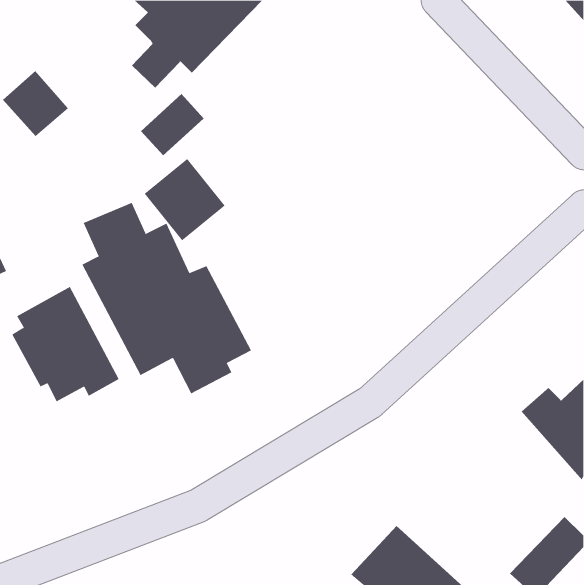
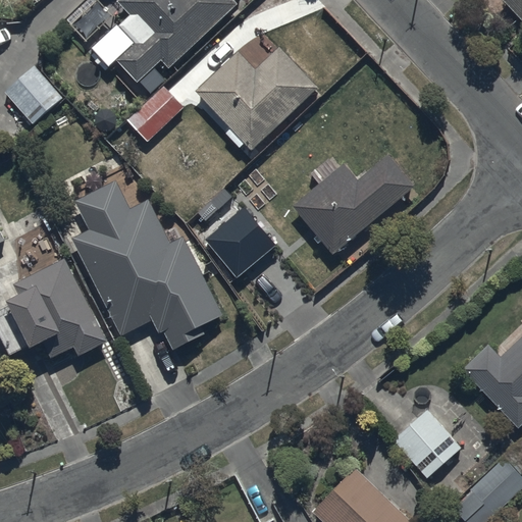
building: none -> [193,47,317,150]
building: [144,158,226,241] -> [205,208,277,281]
building: none -> [293,154,416,256]
building: none -> [392,410,461,479]

